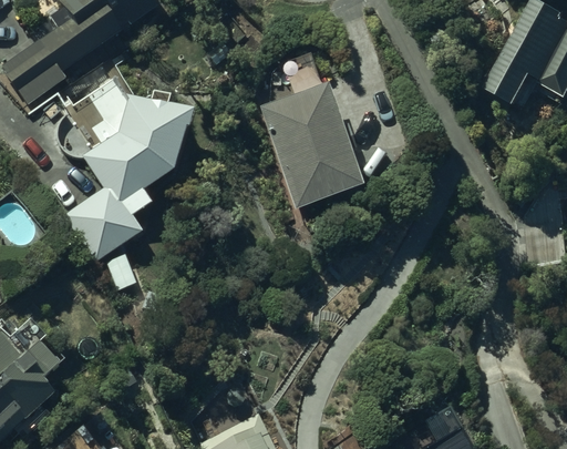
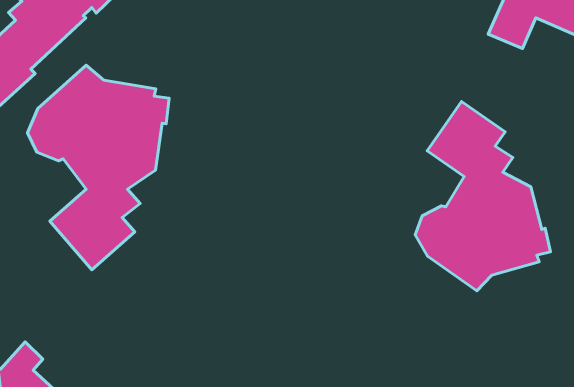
building: [260,69,358,206] -> none
building: none -> [415,101,551,291]

